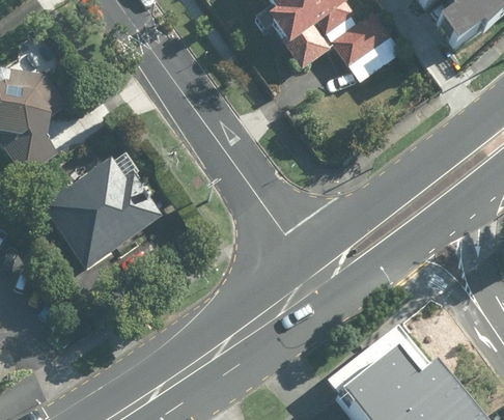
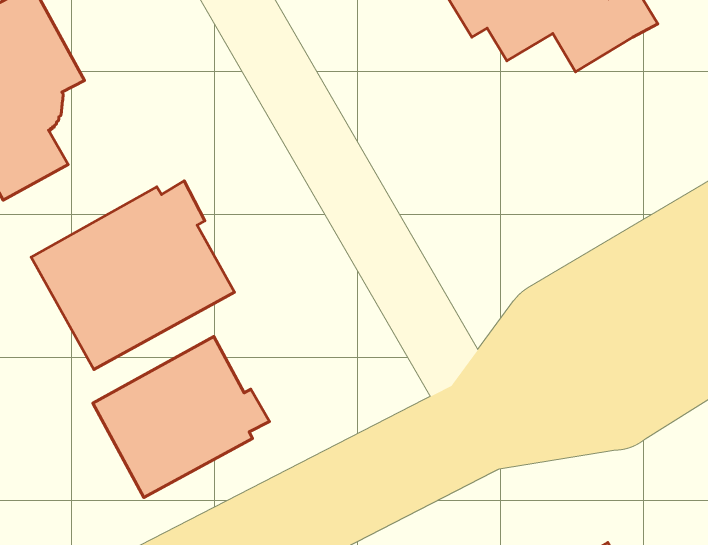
building: none -> [93,337,270,498]

